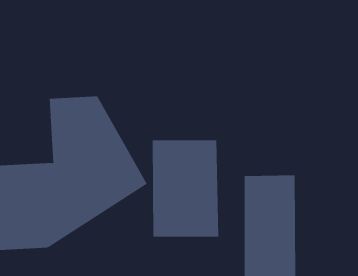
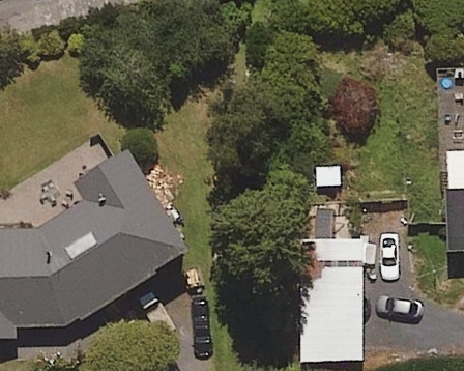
building: [152,139,219,238] -> none

